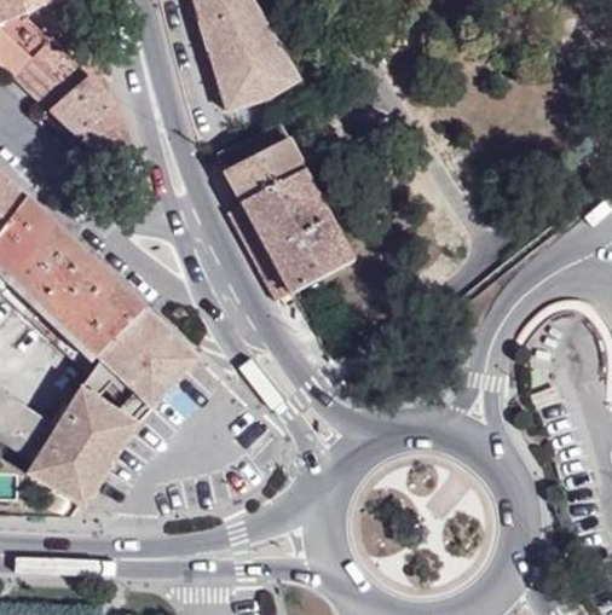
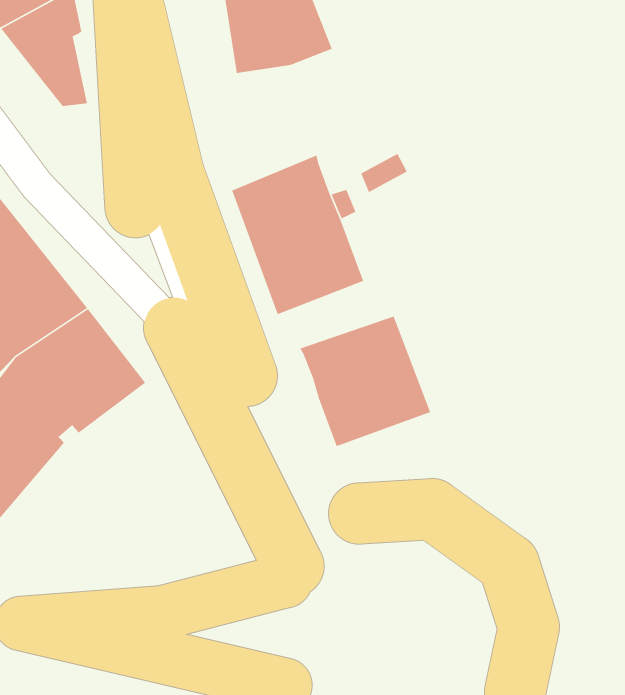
building: [216,118,313,202] -> none
building: none -> [299,315,431,447]

